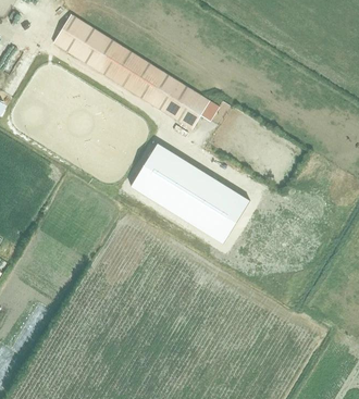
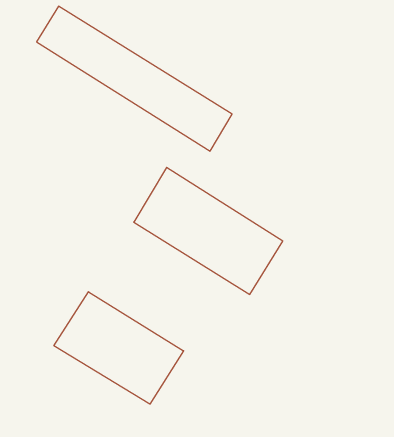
building: none -> [54,292,184,404]

